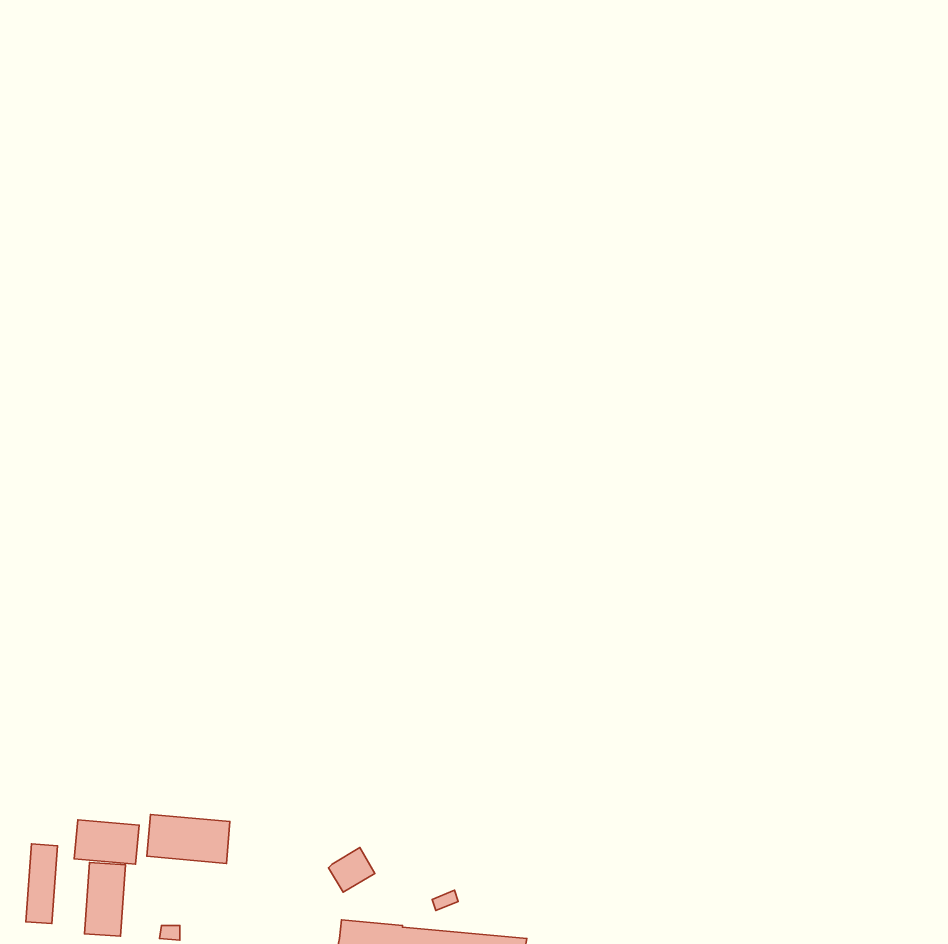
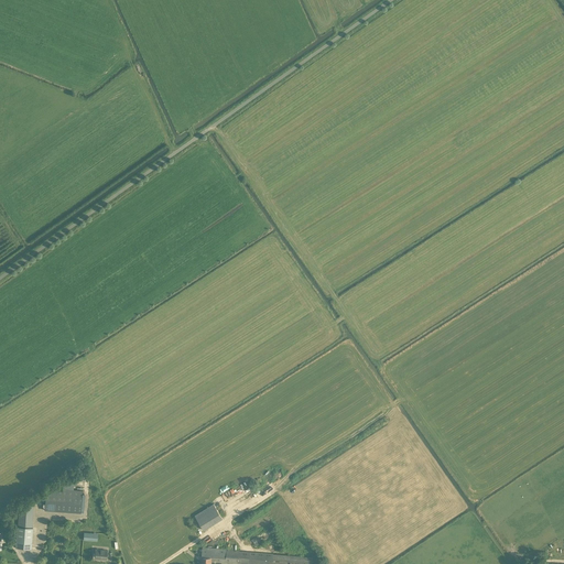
building: [147,814,230,864] -> none
building: [85,863,125,936] -> none

